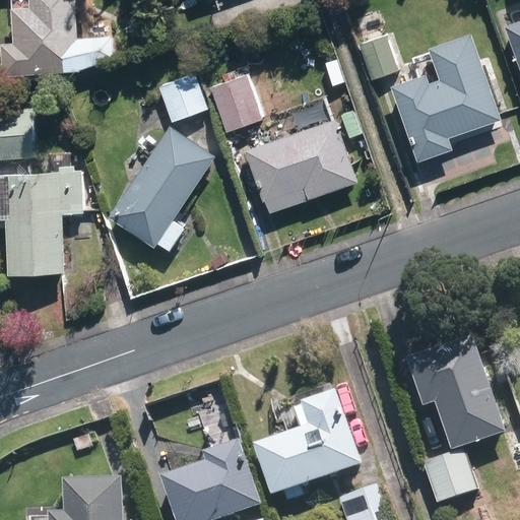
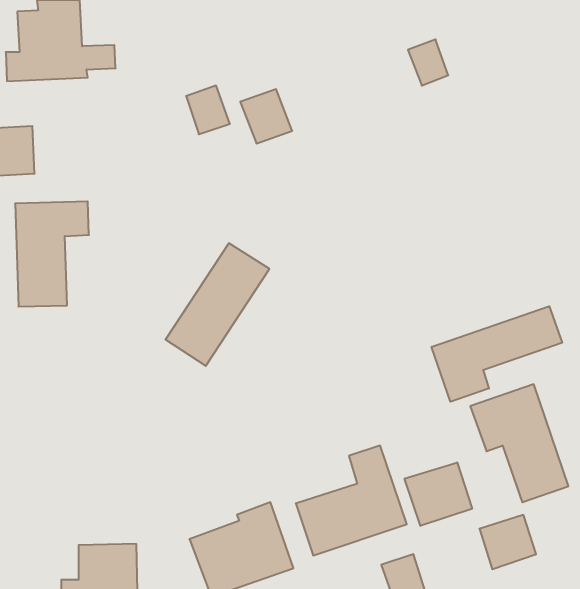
building: [397,39,497,154] -> none
building: [251,126,351,209] -> none
building: [117,132,208,240] -> [165,243,269,366]
building: none -> [432,306,562,402]
building: none -> [405,462,472,526]

